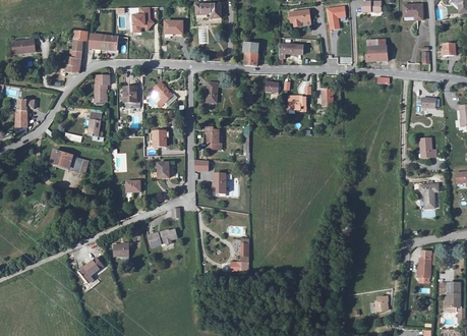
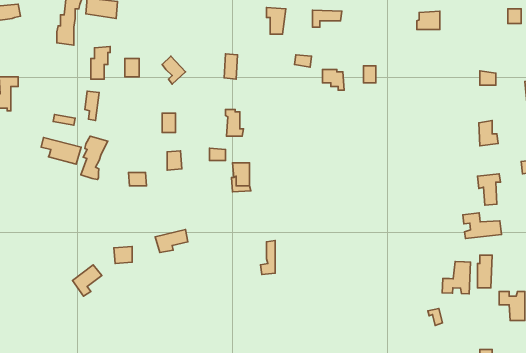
building: none -> [81,136,108,179]
building: none -> [463,213,501,238]
building: none -> [442,262,470,294]

